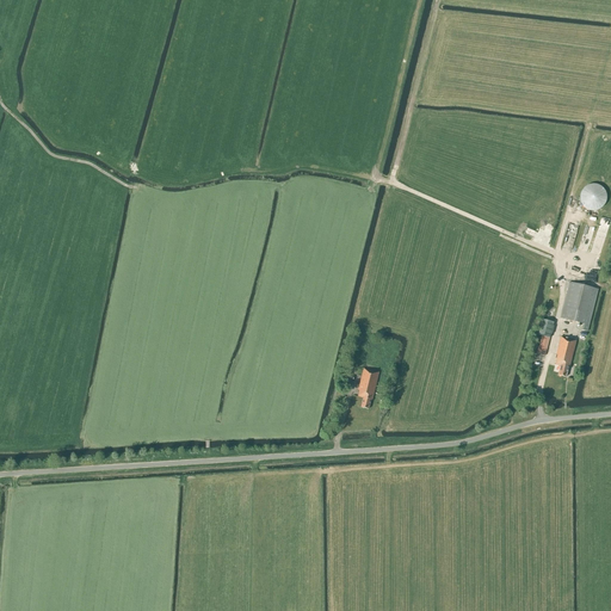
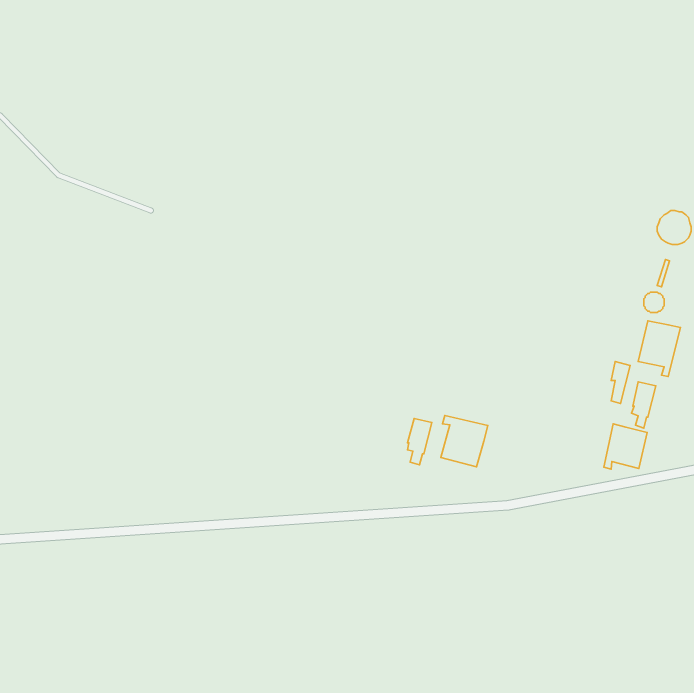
building: none -> [441,415,488,467]
building: none -> [604,424,647,469]

